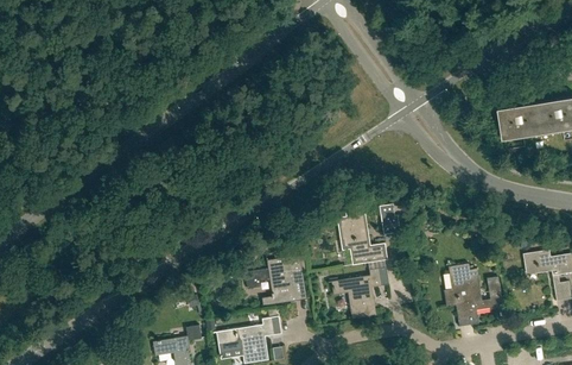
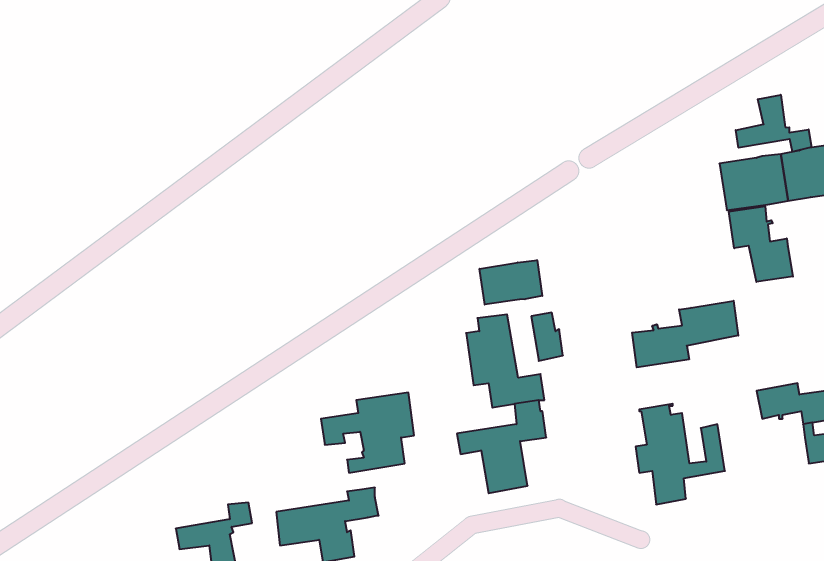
building: none -> [736,95,811,152]
building: none -> [729,206,793,282]
building: none -> [480,260,542,305]
building: none -> [632,301,738,367]

